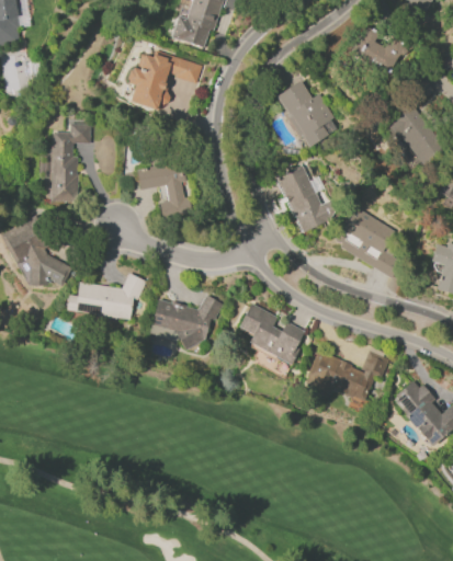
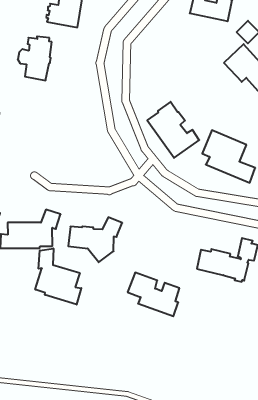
building: [170,57,203,84] -> none
building: [276,81,336,148] -> none
building: [137,161,193,217] -> none
building: [239,304,305,366] -> [128,273,179,316]
building: none -> [35,248,81,305]

